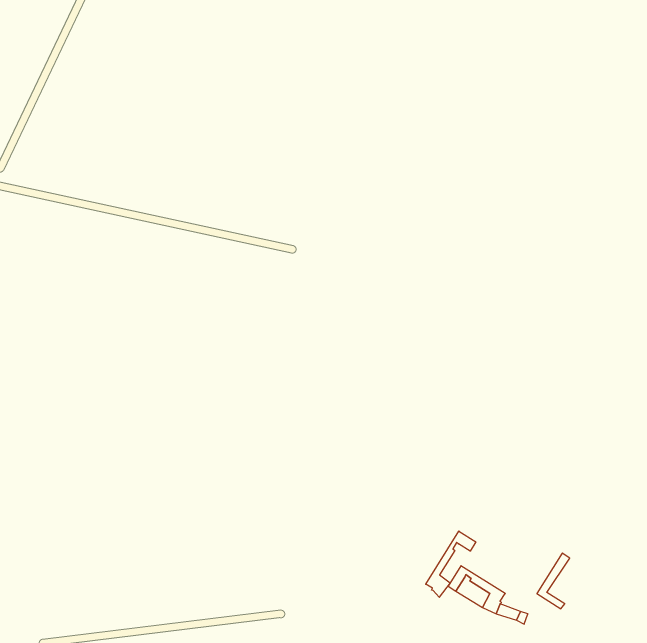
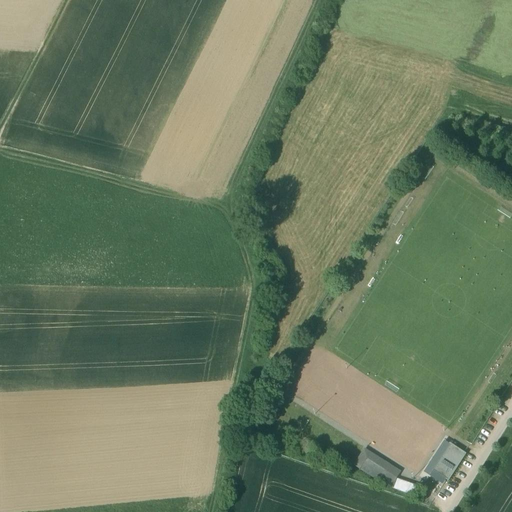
building: [426,531,476,597] -> none
building: none -> [432,441,466,479]

